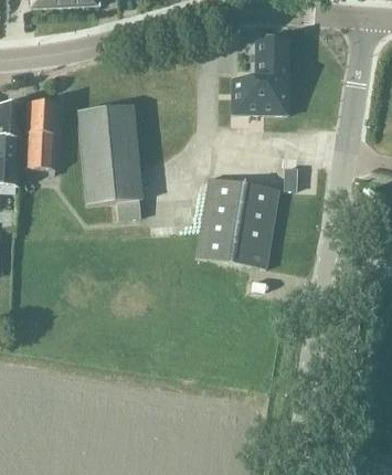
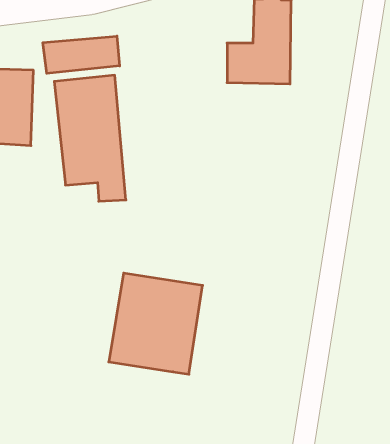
building: none -> [43,36,120,73]
building: [195,176,279,266] -> [109,273,203,374]

